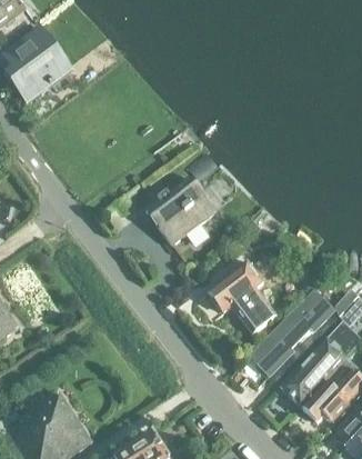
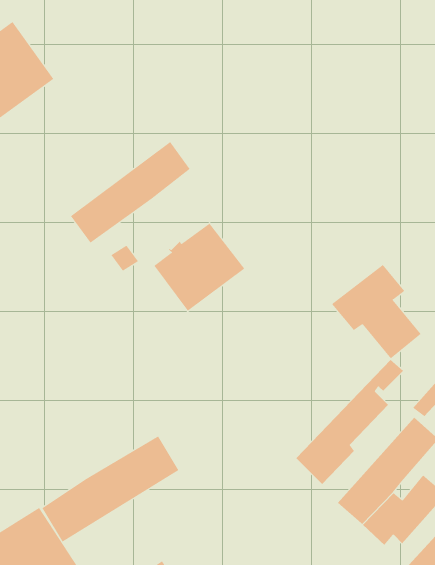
building: none -> [70,141,191,244]
building: [209,262,276,333] -> [331,264,422,359]
building: none -> [41,436,179,543]

